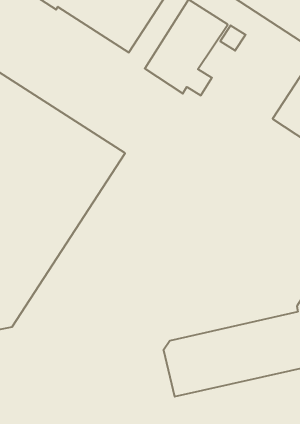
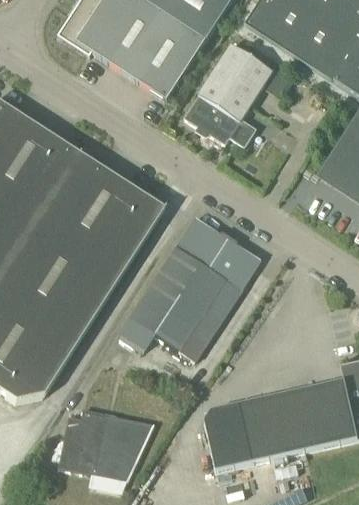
building: none -> [118,216,260,360]
building: none -> [56,407,153,480]

